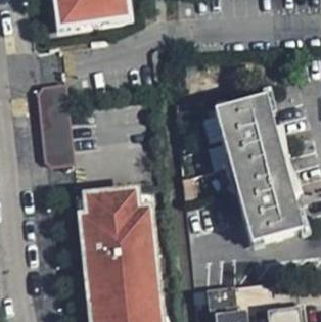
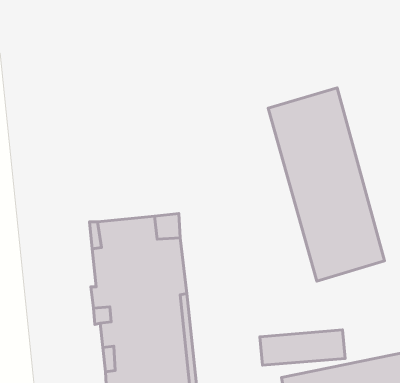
building: [38,84,73,165] -> none

